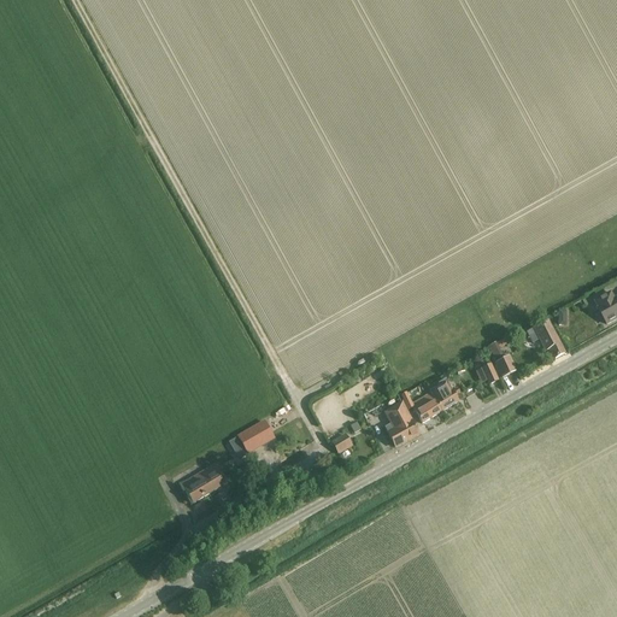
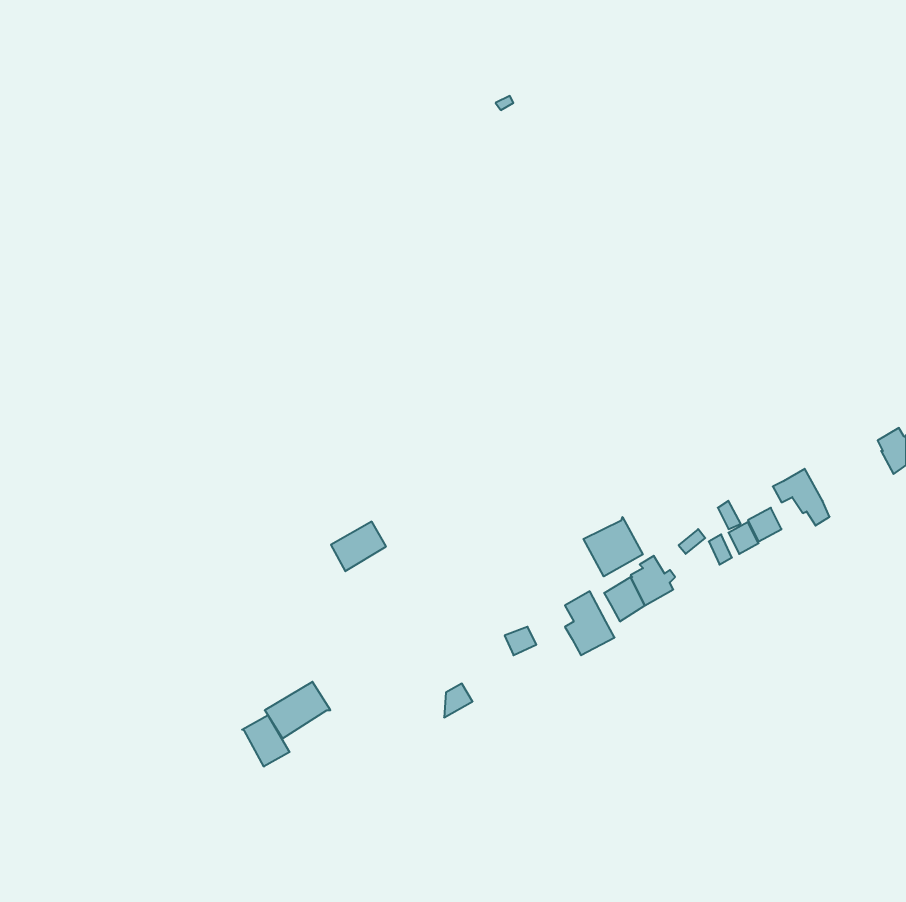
building: none -> [583,517,643,576]
building: [235,419,272,453] -> [331,522,386,571]
building: none -> [242,715,290,767]

